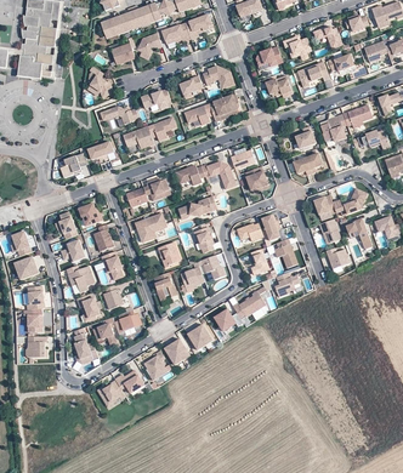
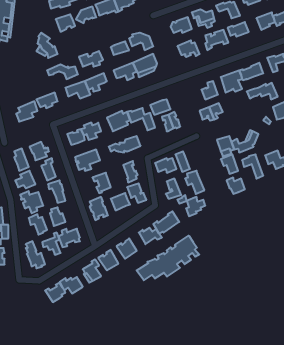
building: none -> [137,236,199,280]

